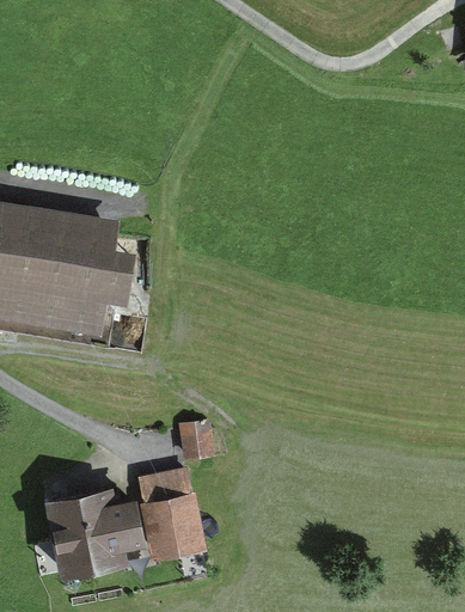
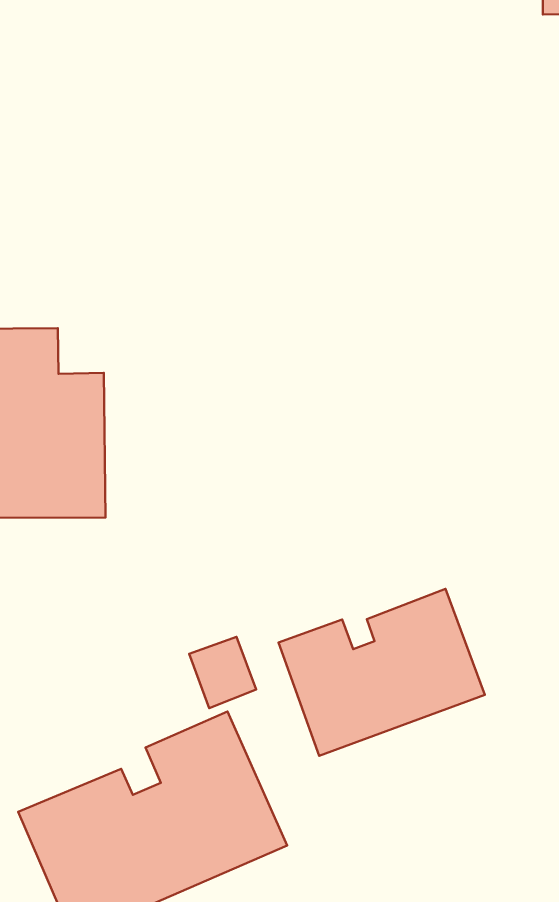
building: none -> [278,589,485,756]

